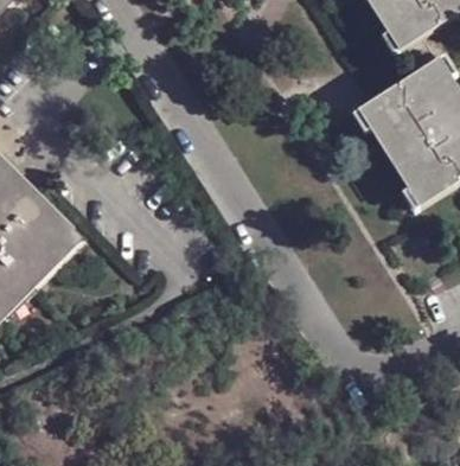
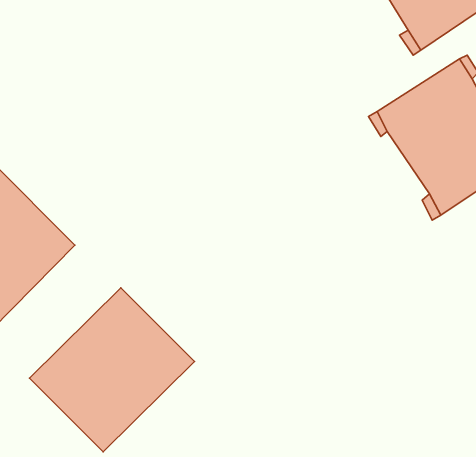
building: none -> [30,288,195,452]

